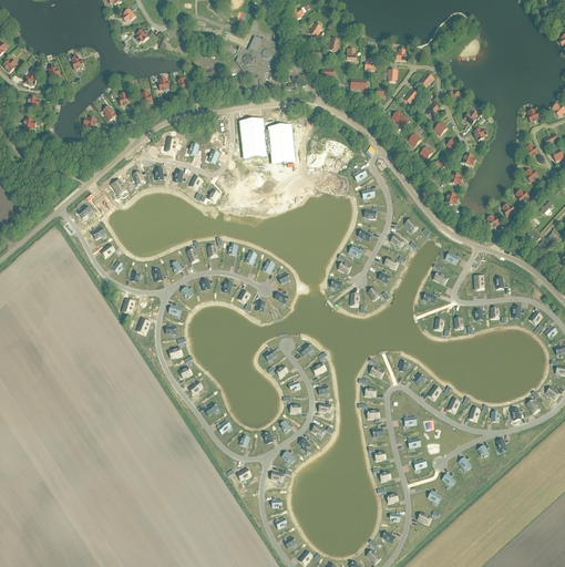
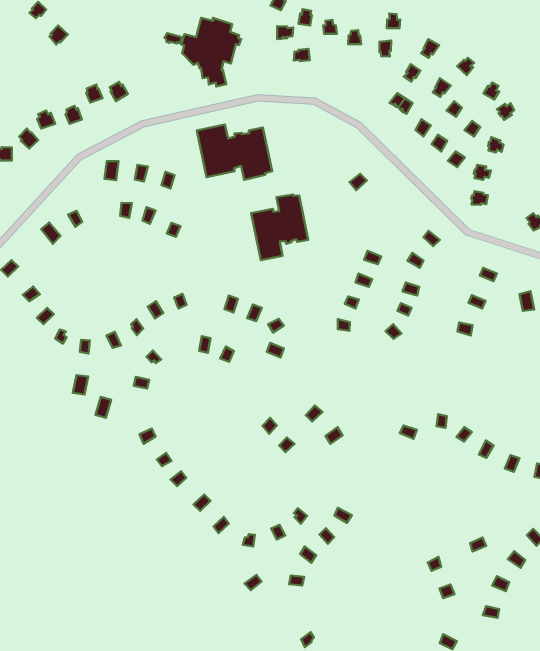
building: none -> [251,195,308,260]

